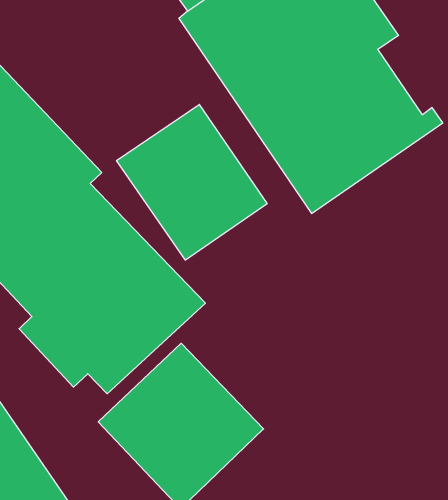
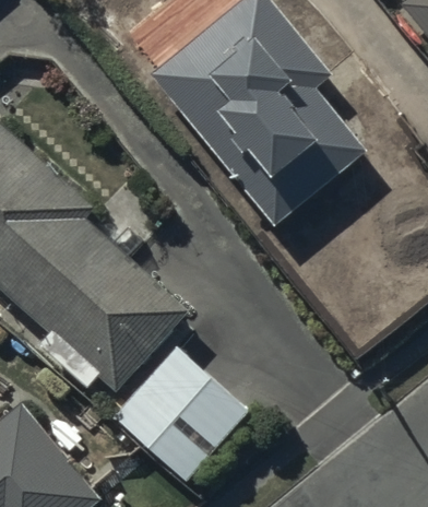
building: [117,104,267,260] -> none

